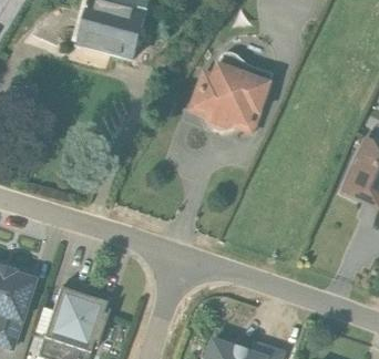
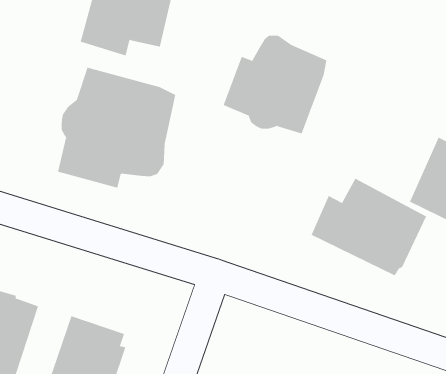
building: none -> [58,67,176,188]
building: none -> [311,178,427,276]

